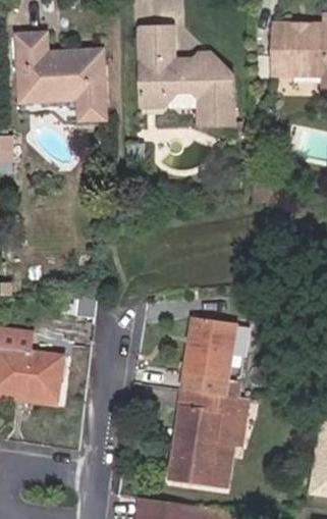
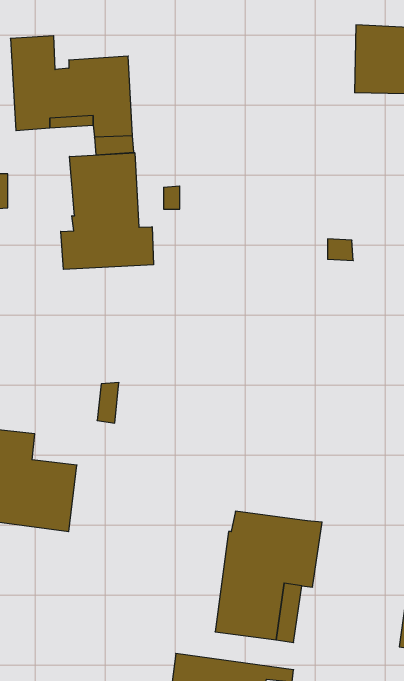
building: [139,27,233,124] -> none
building: none -> [61,153,153,269]
building: [182,316,239,397] -> none

